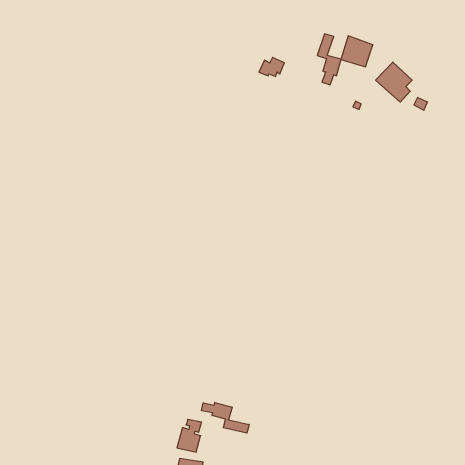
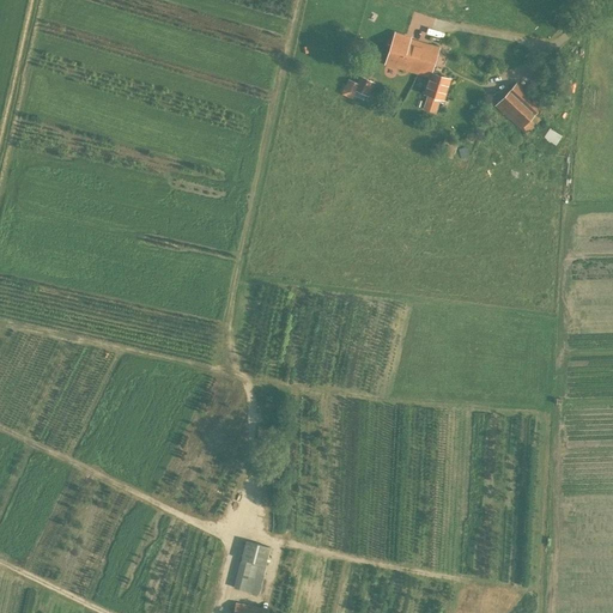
building: [341,36,373,67] -> [384,34,426,74]
building: [202,402,249,433] -> none

